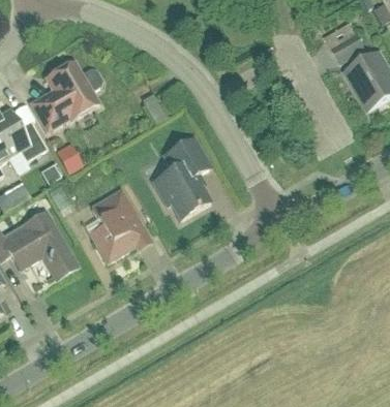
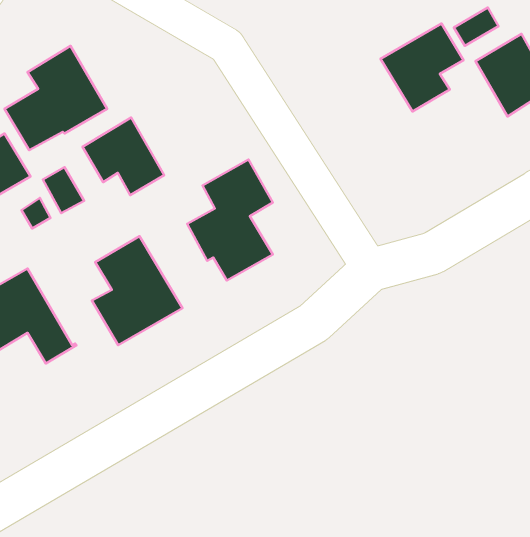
building: none -> [381,23,463,112]
building: none -> [83,118,164,195]

